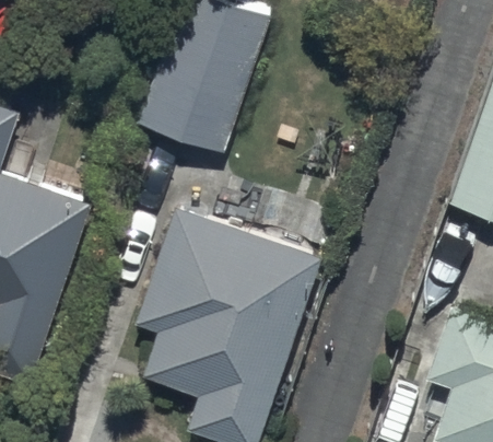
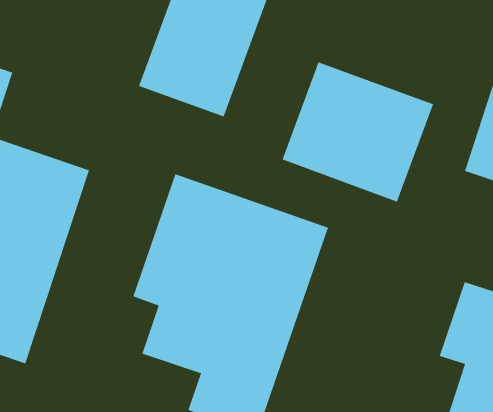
building: none -> [282,61,434,202]

